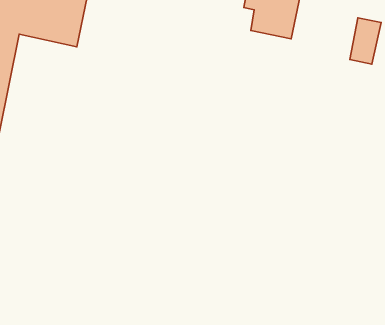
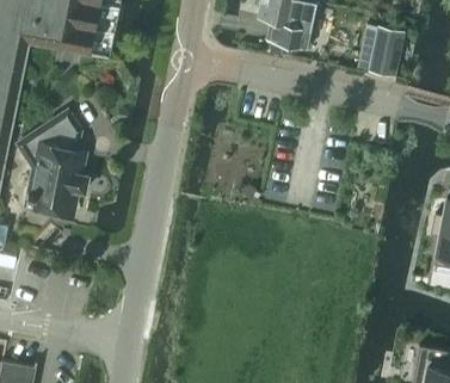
building: none -> [19,110,84,210]

